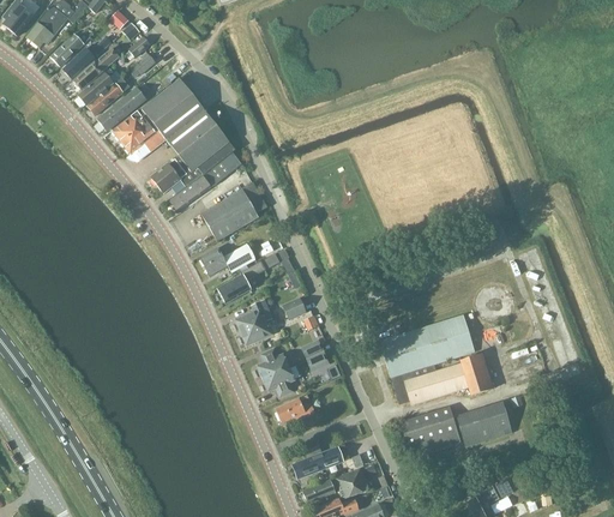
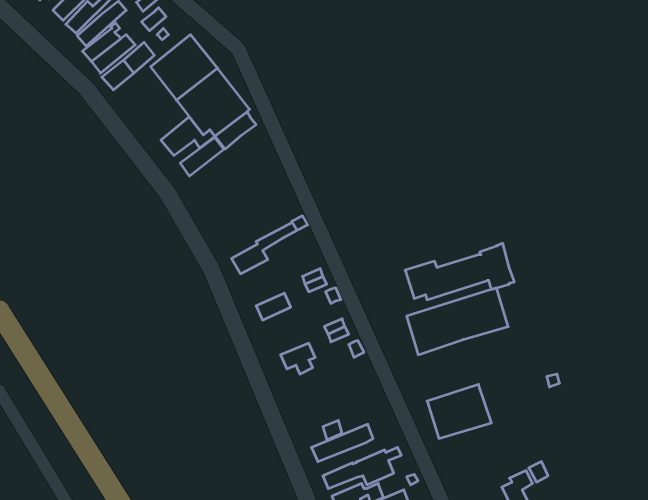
building: [114,108,167,162] -> none
building: [201,190,258,240] -> none
building: [200,242,257,275] -> none
building: [236,300,270,332] -> none
building: [258,349,290,378] -> none
building: [392,353,494,405] -> [405,243,514,300]
building: [277,395,317,422] -> none
building: [457,401,513,446] -> none

